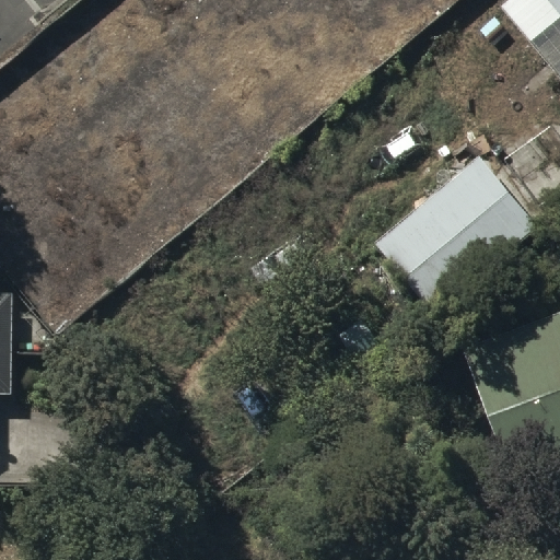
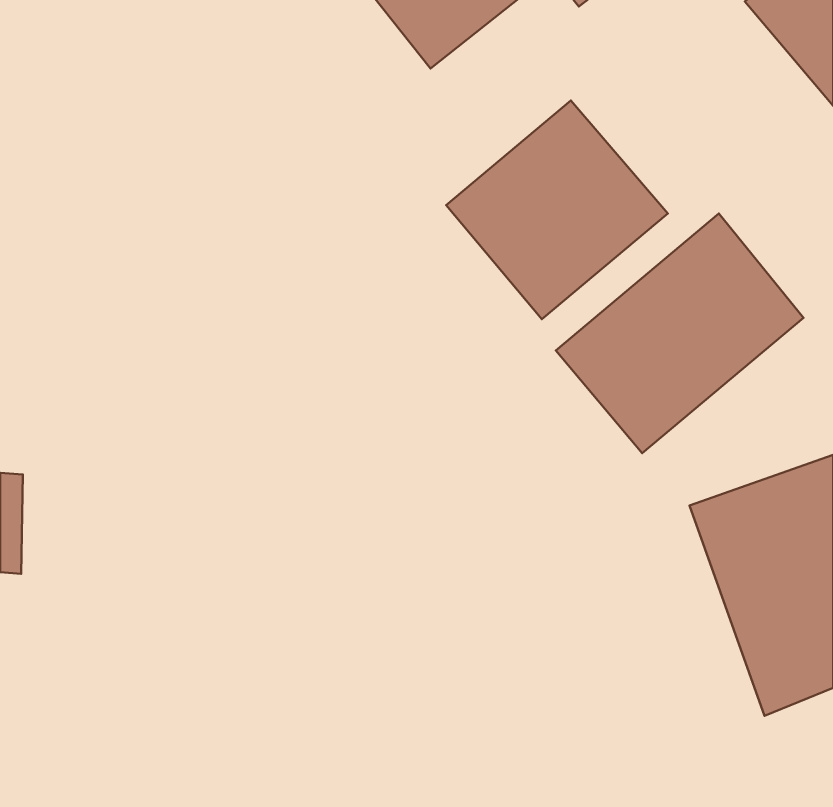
building: none -> [446,100,668,319]

